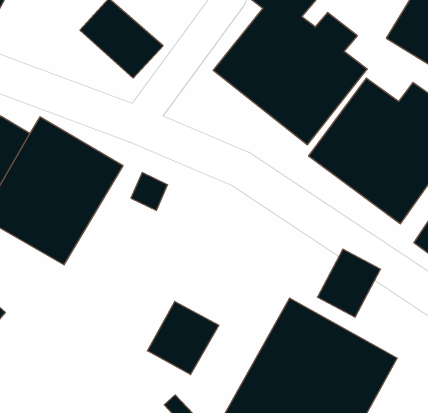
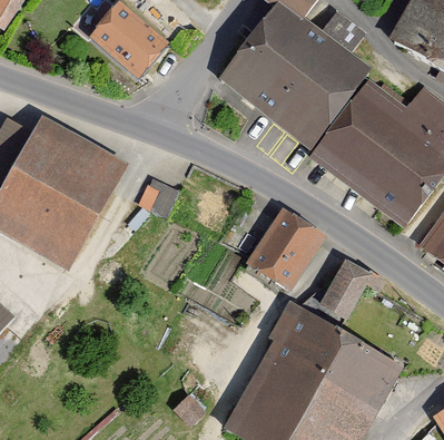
building: none -> [246,208,325,292]
building: [147,301,219,375] -> none

